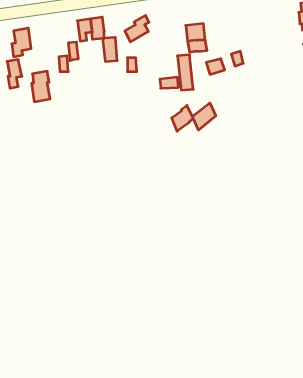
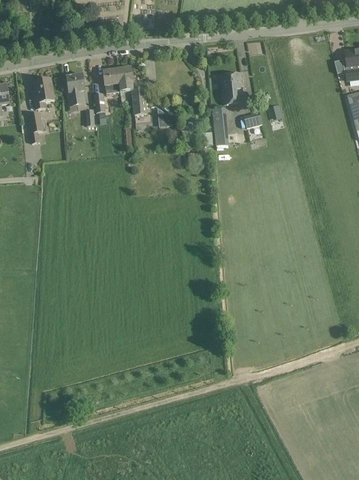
building: [125,15,149,42] -> none
building: [32,71,50,102] -> [66,73,86,106]
building: [172,103,216,131] -> none

